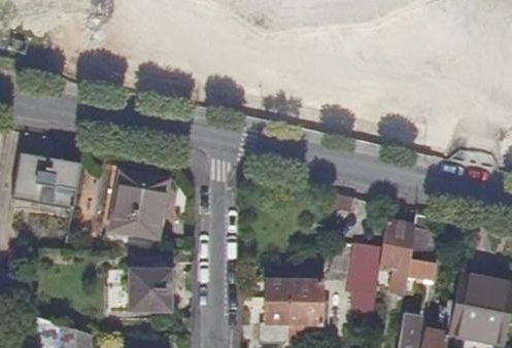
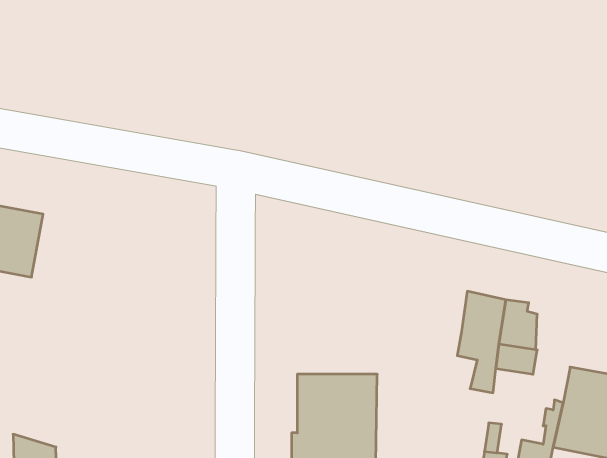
building: [109,172,164,236] -> none
building: [348,244,383,319] -> none
building: [129,269,171,312] -> none

